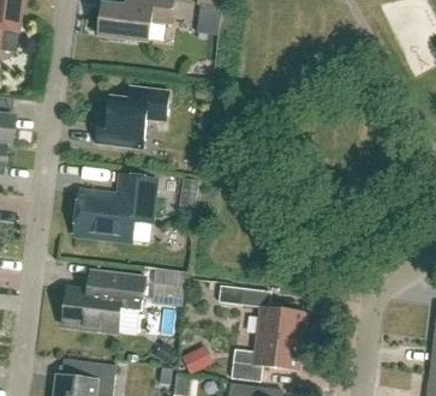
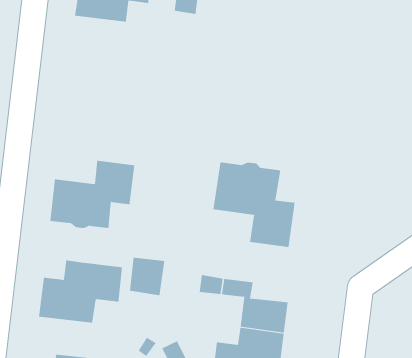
building: [95,86,169,149] -> none
building: none -> [213,161,295,248]

